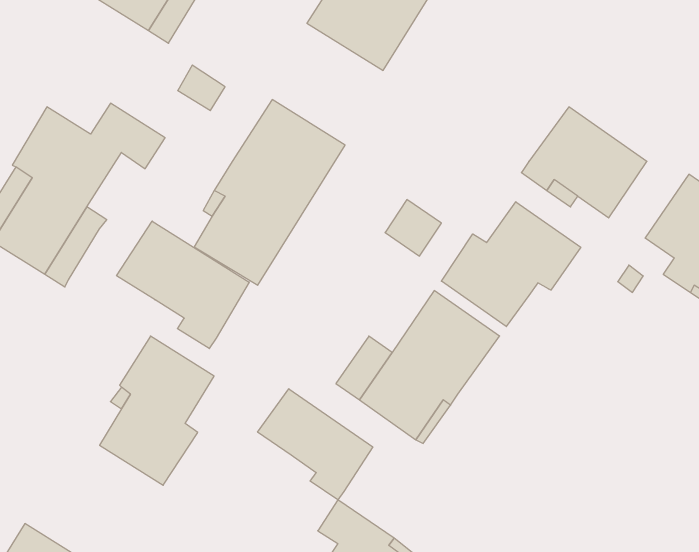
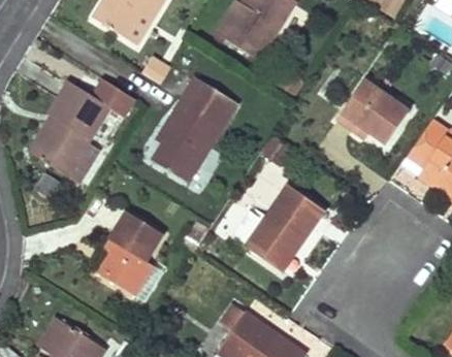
building: [441,202,581,327] -> none
building: [117,221,249,349] -> none
building: [258,389,373,500] -> none

